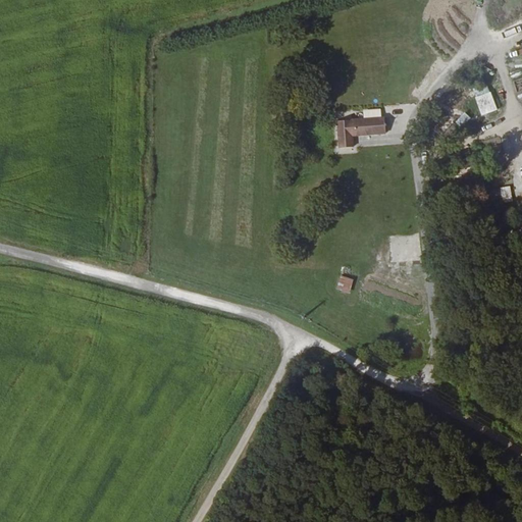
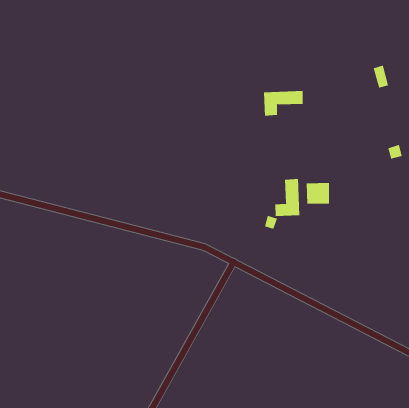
building: none -> [275,178,300,217]

